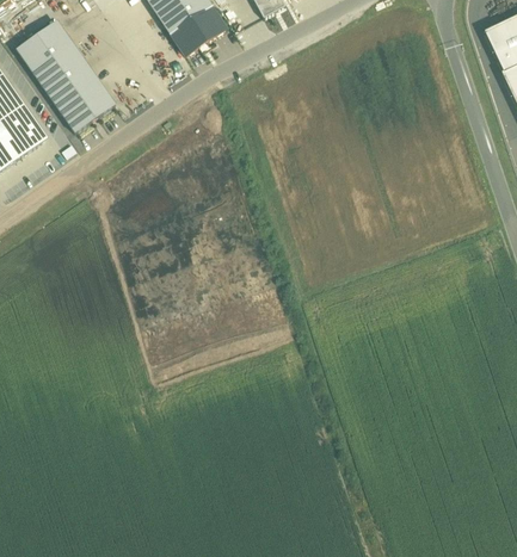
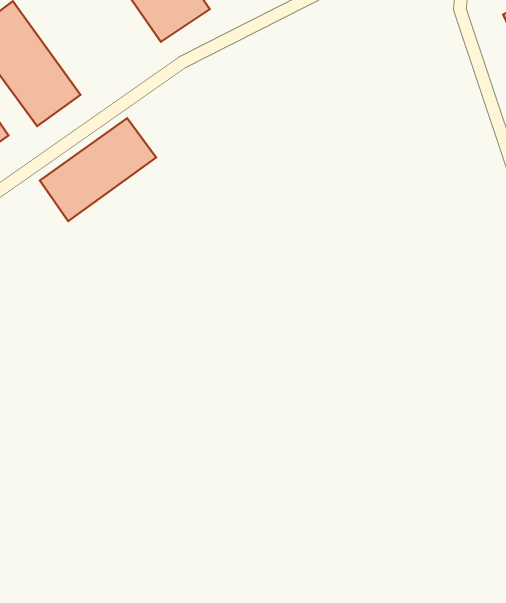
building: none -> [40,118,156,221]

